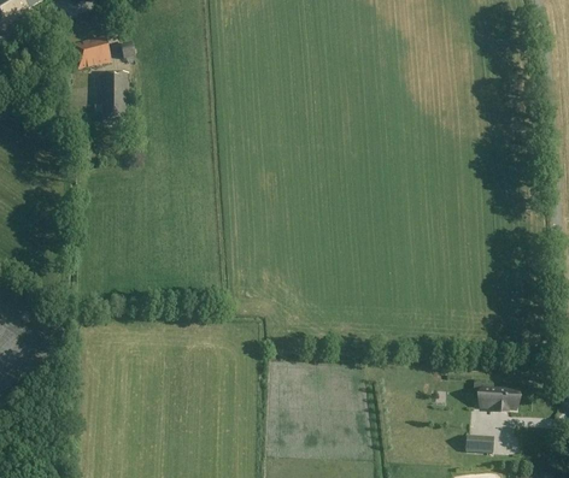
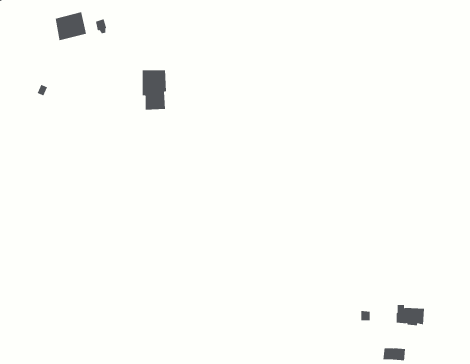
building: [98,72,128,120] -> [142,70,167,110]

